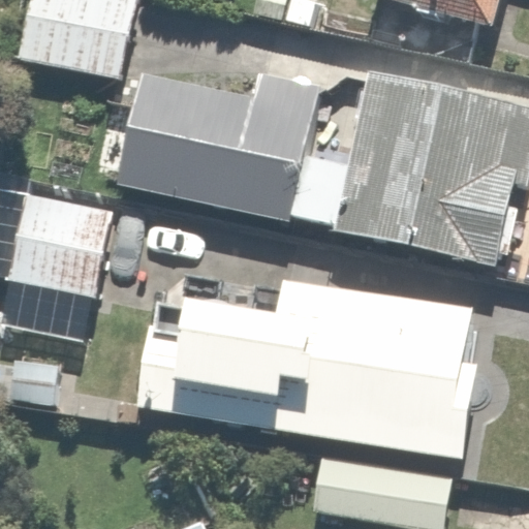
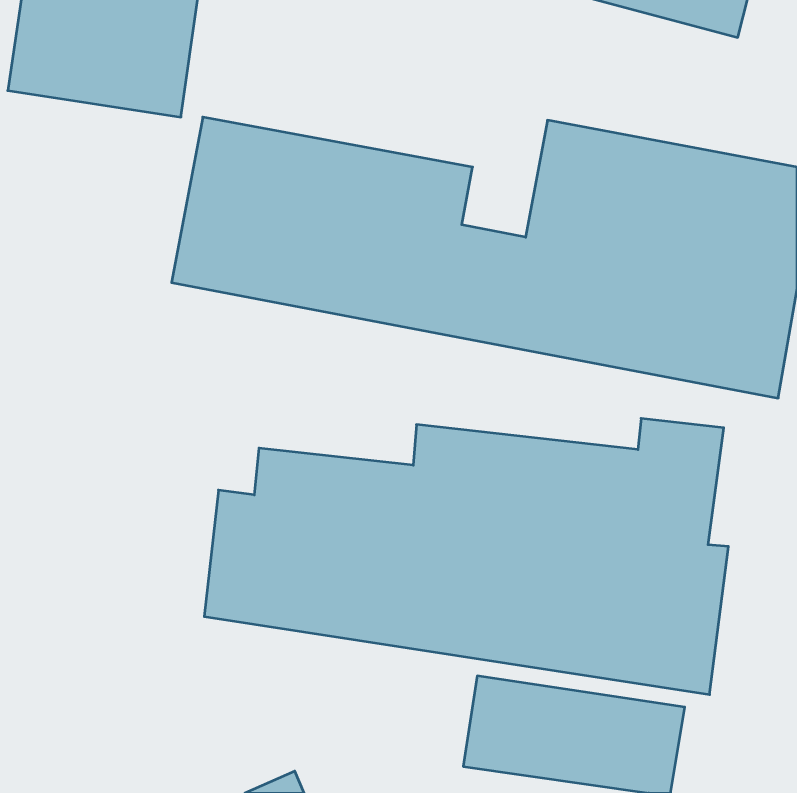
building: [8,189,117,289] -> none

